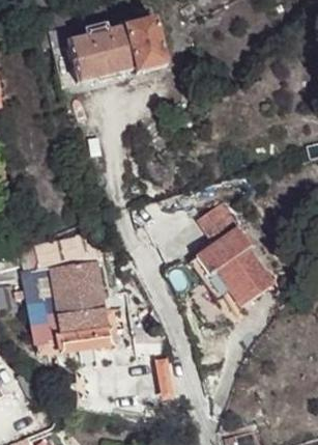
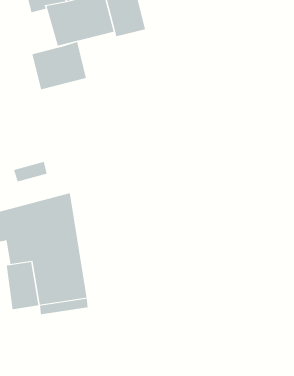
building: none -> [32,41,86,90]
building: [196,205,277,316] -> none

